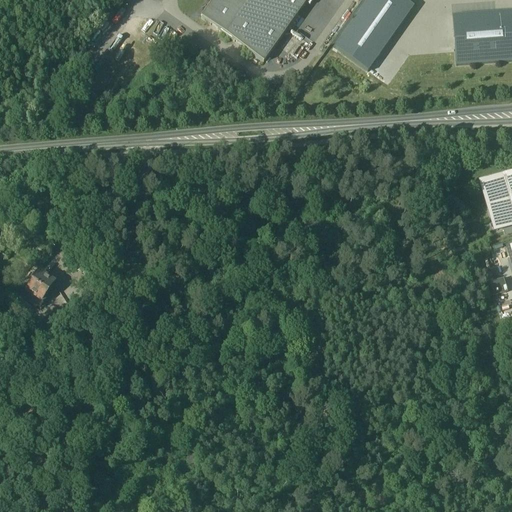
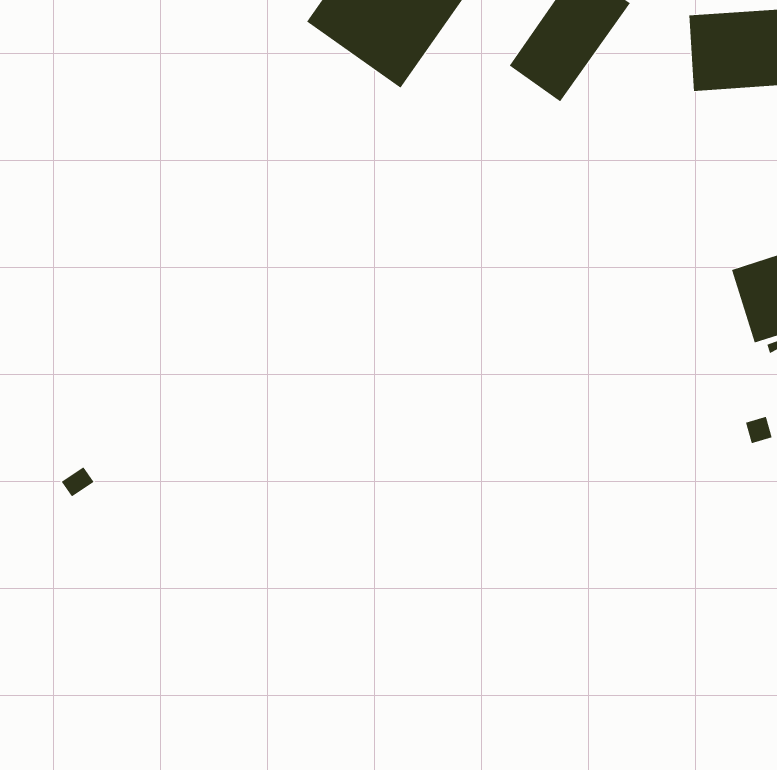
building: [24,269,54,302] -> none

